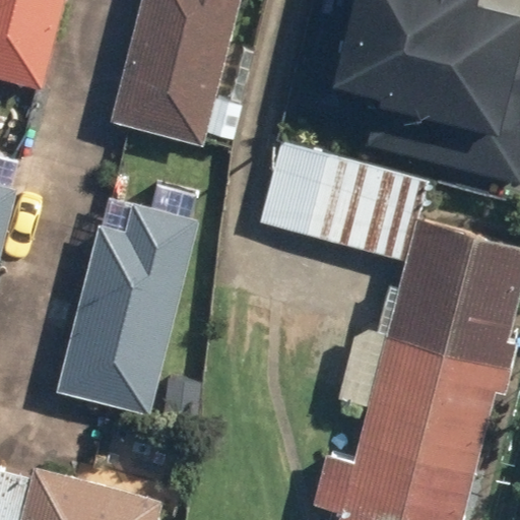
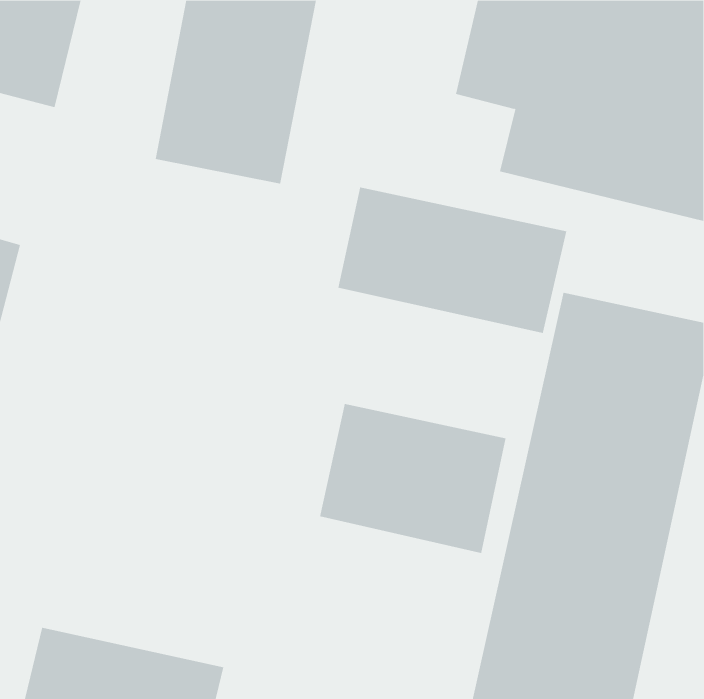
building: [65,199,196,409] -> none
building: none -> [320,403,506,554]

